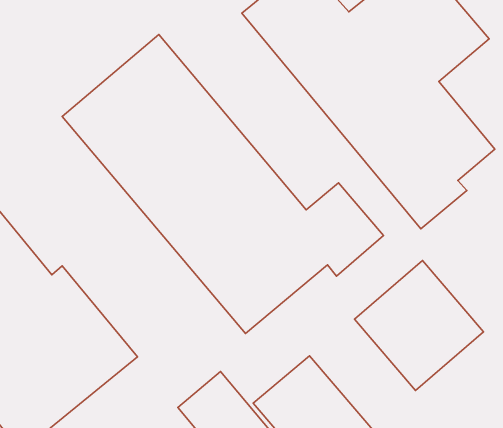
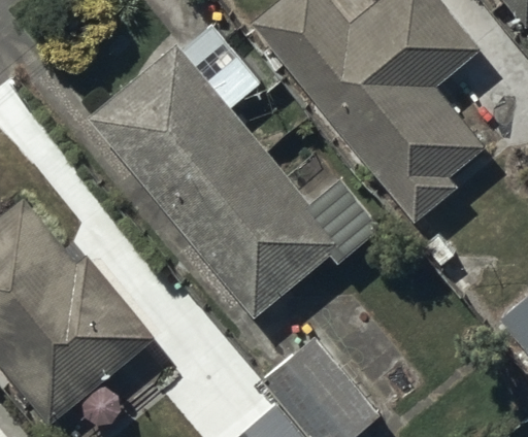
building: [354,261,483,391] -> none

